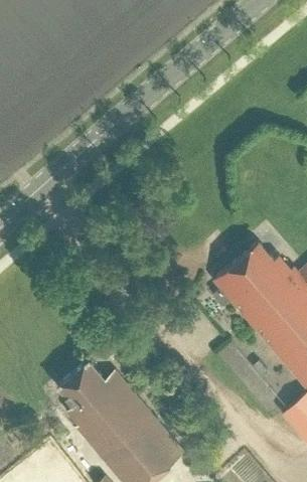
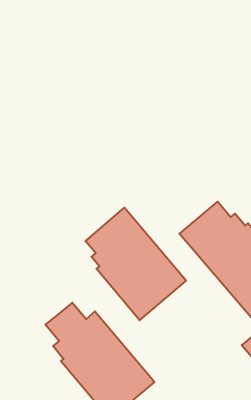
building: none -> [85,208,186,320]

